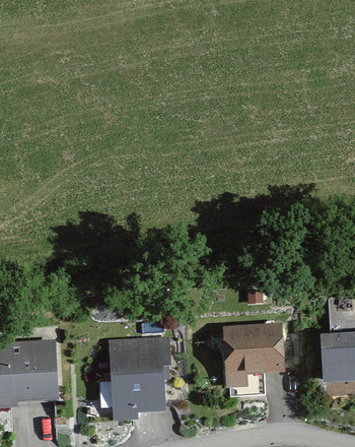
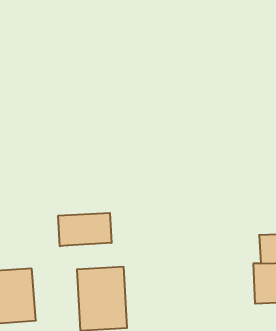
building: none -> [58,213,112,246]
building: [222,322,283,389] -> none

